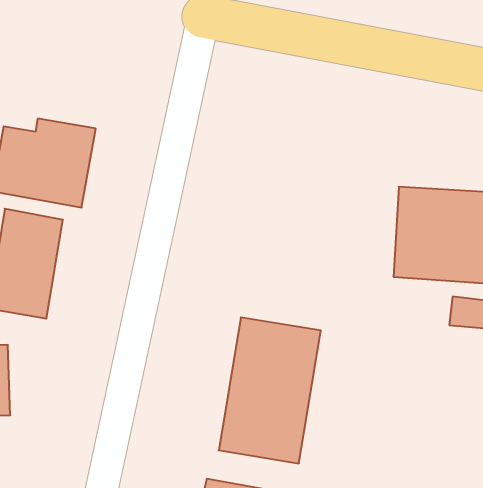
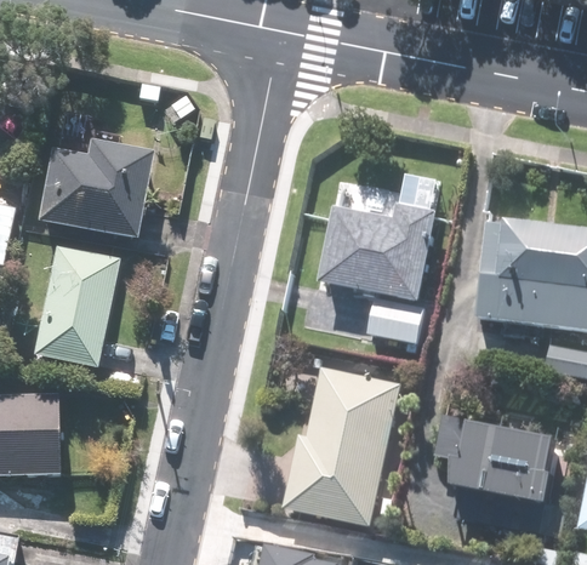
building: none -> [319,202,439,344]
building: none -> [437,416,568,540]

